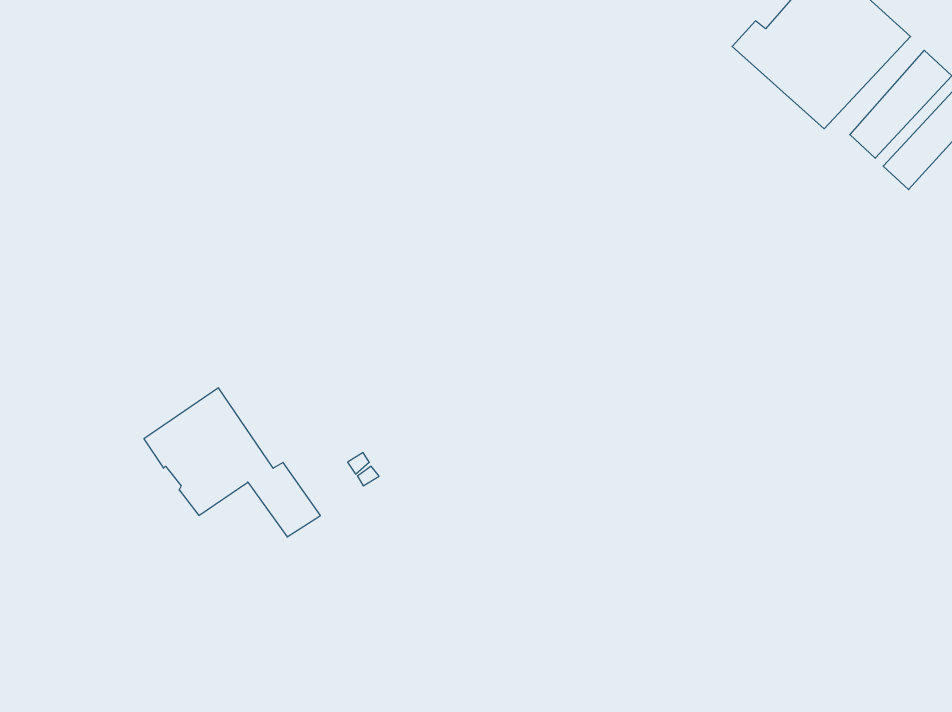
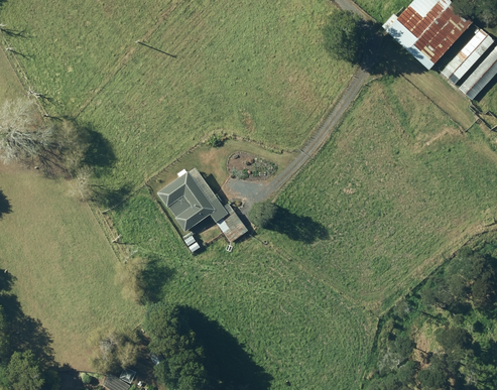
building: [144,388,320,537] -> [156,165,247,242]

